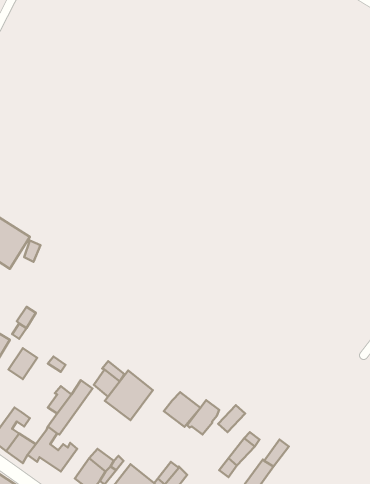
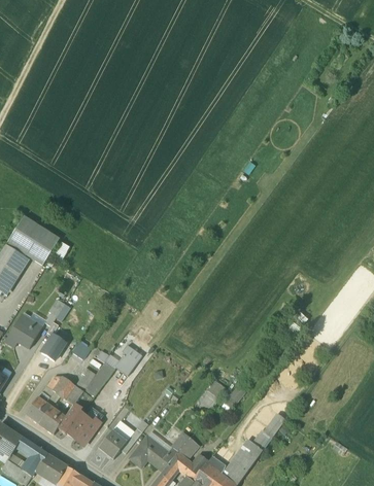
building: [105,370,153,420] -> none
building: [164,392,201,427] -> none
building: none -> [53,376,83,405]

